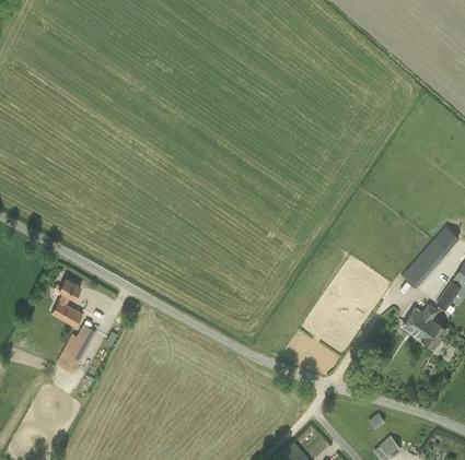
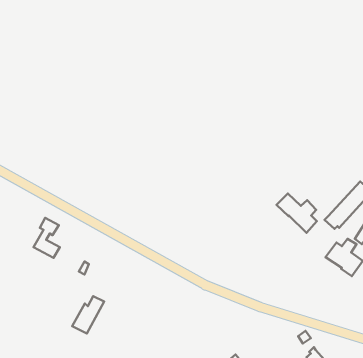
building: none -> [277,193,317,233]
building: [58,323,96,368] -> [72,296,104,333]

